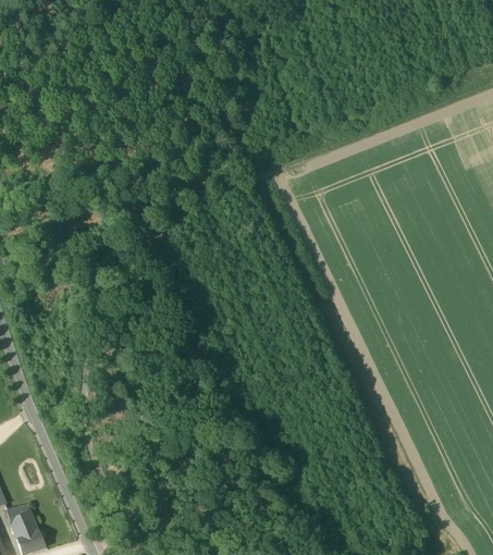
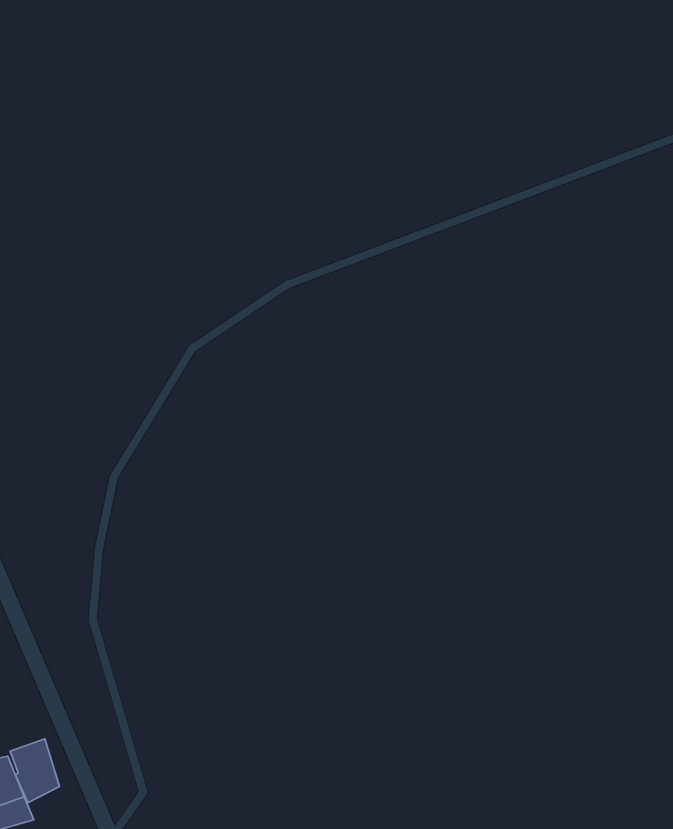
building: none -> [10,739,59,803]

